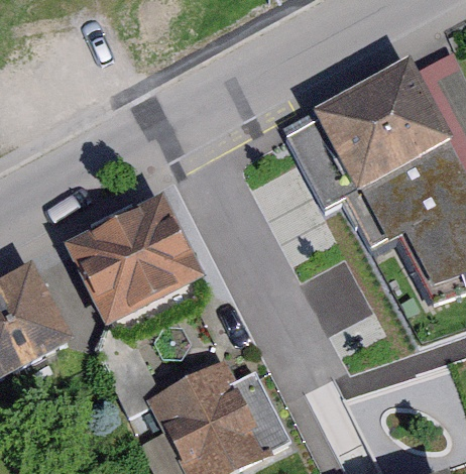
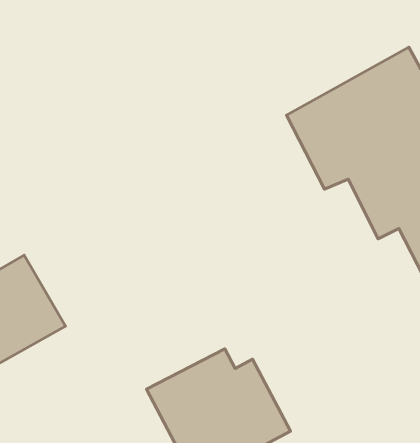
building: [66,194,203,323] -> none

